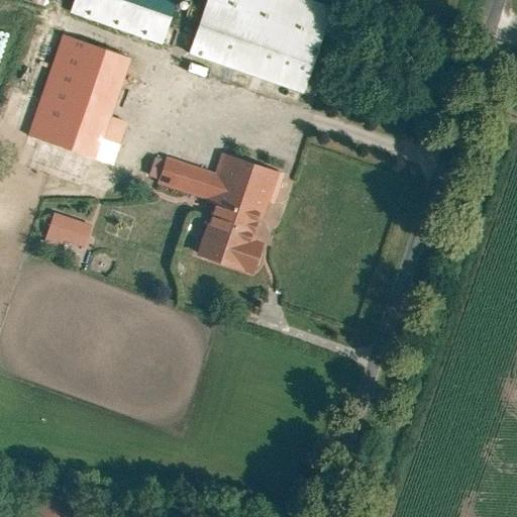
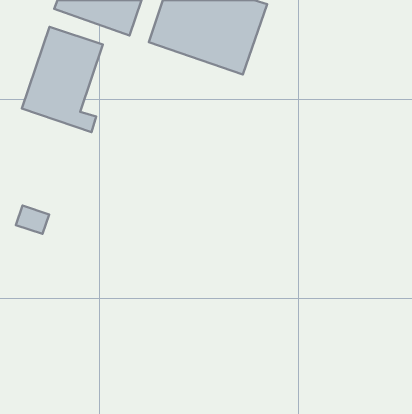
building: [150,153,282,274] -> none
building: [48,212,90,247] -> [16,206,49,234]

